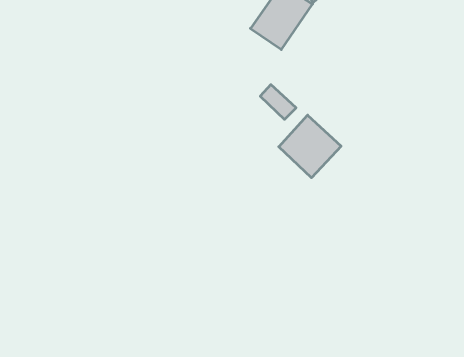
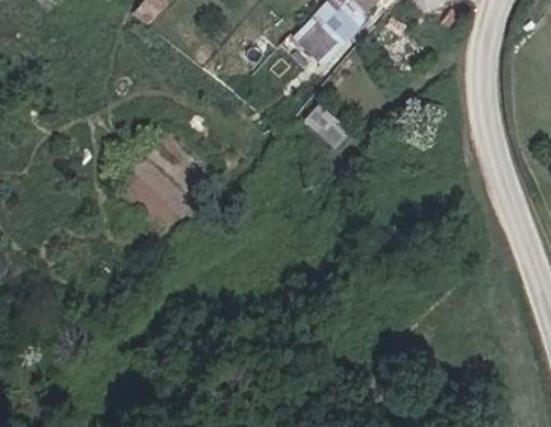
building: [279,115,341,178] -> none

